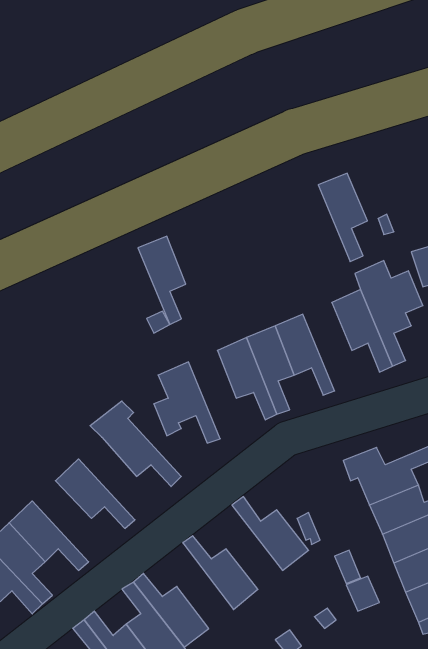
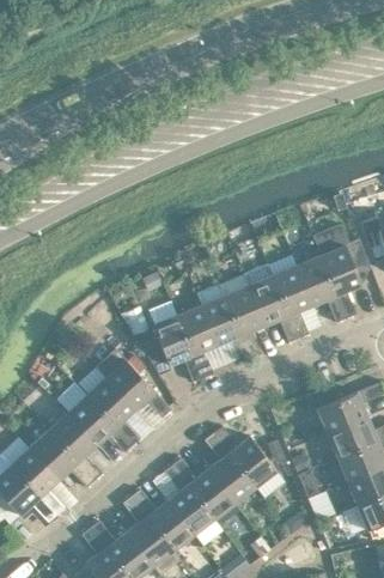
building: [318,173,367,262] -> [272,266,312,339]
building: [138,236,186,325] -> [177,305,217,378]
building: none -> [86,377,140,445]
building: none -> [48,413,103,480]
building: none -> [205,433,255,503]
building: none -> [164,464,214,535]

